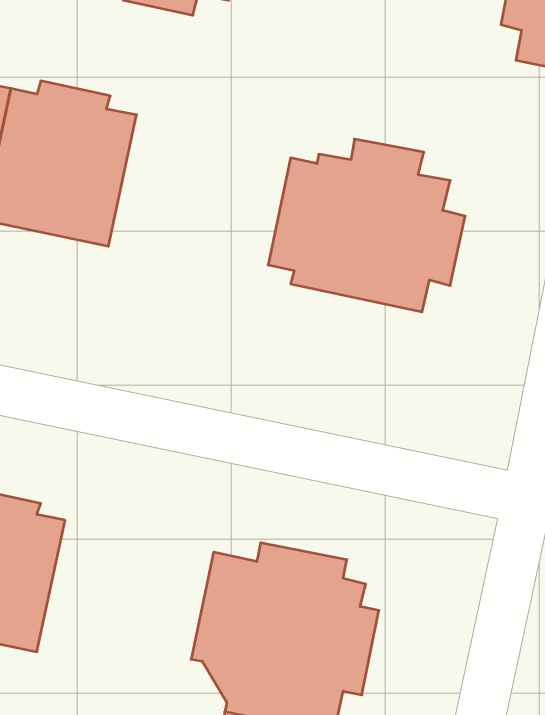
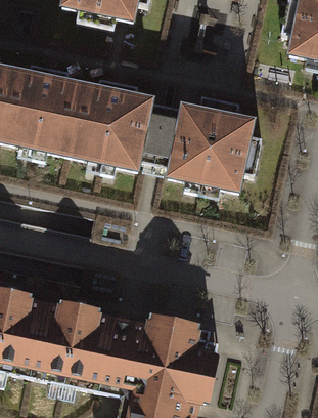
building: none -> [67,79,167,170]
building: none -> [29,301,125,390]

